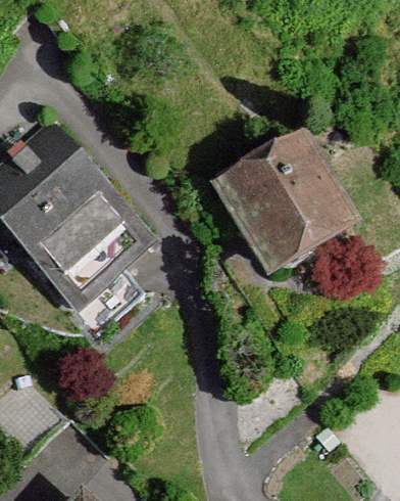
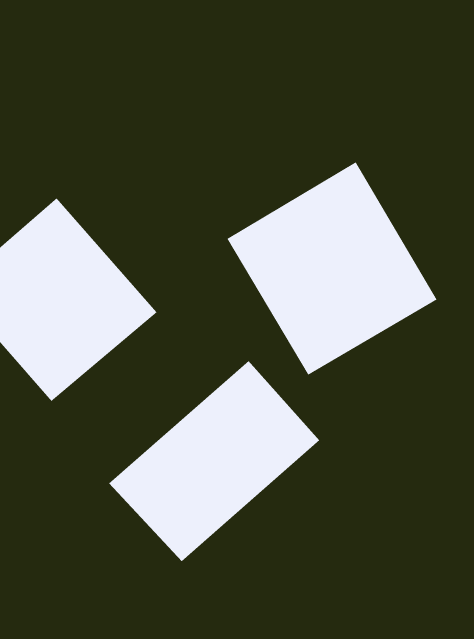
building: none -> [108,360,320,562]

